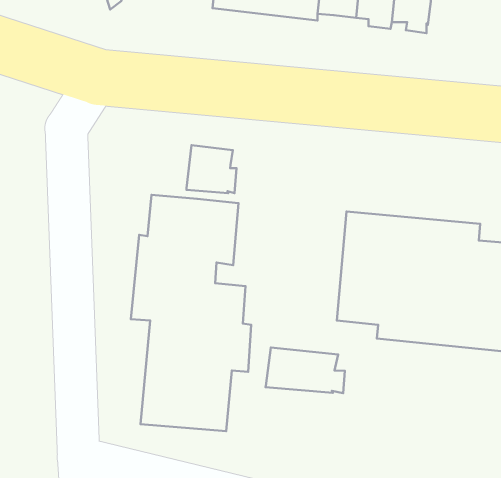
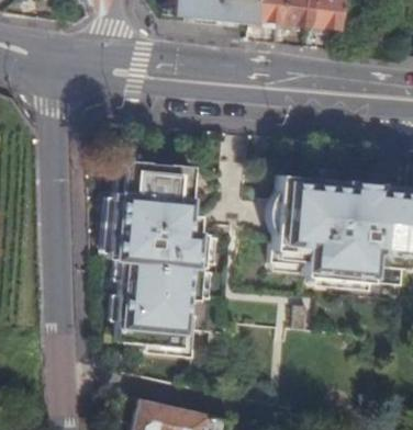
building: [186,145,236,193] -> none
building: [265,348,345,393] -> none

